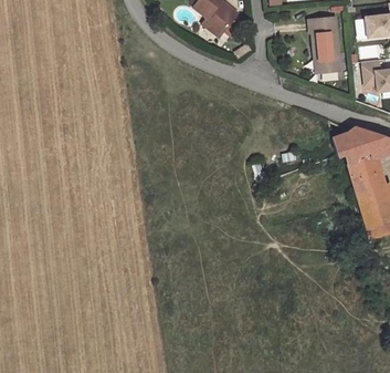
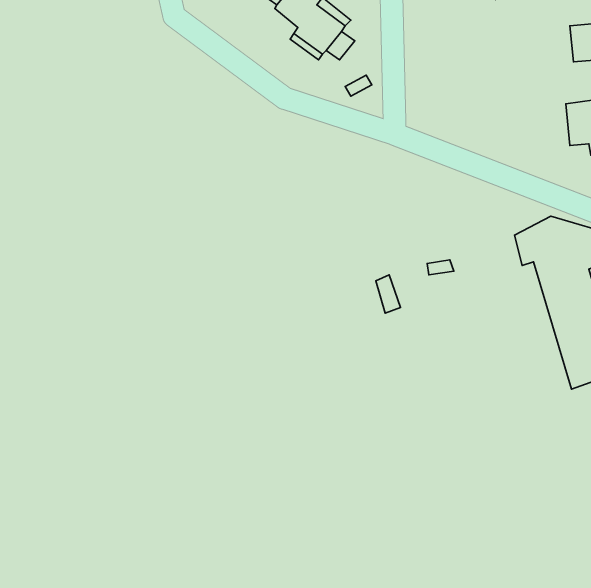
building: [309,19,340,73] -> none

